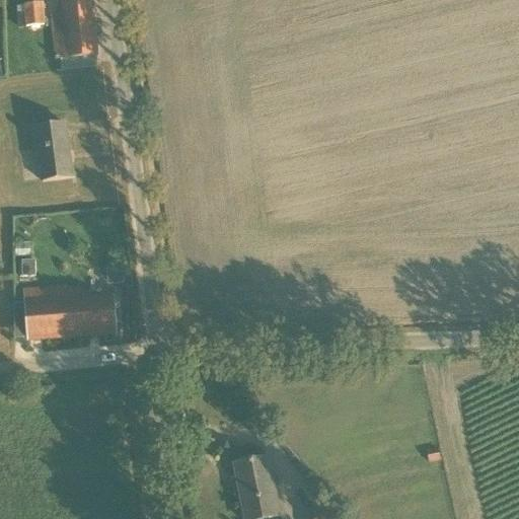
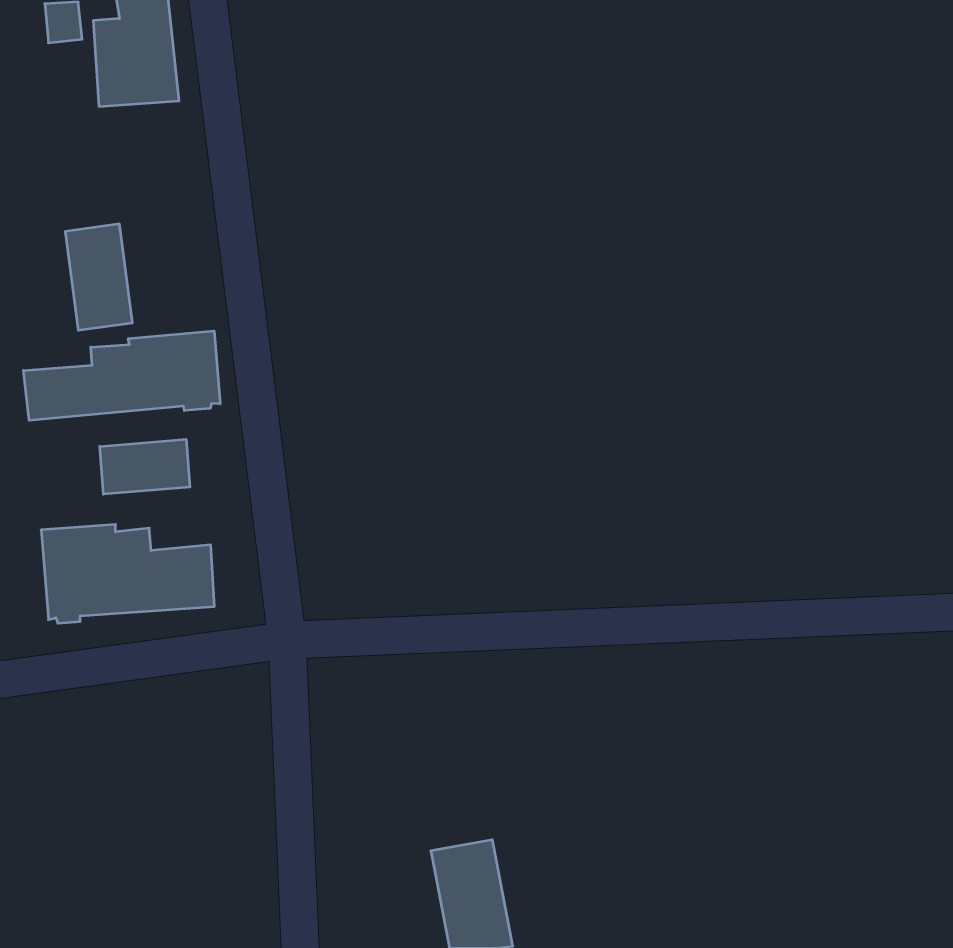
building: none -> [23,331,220,420]
building: none -> [100,439,190,494]

